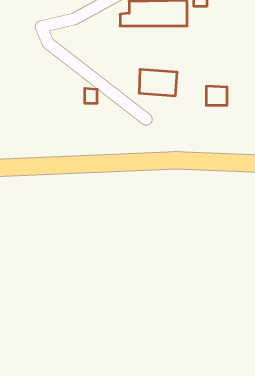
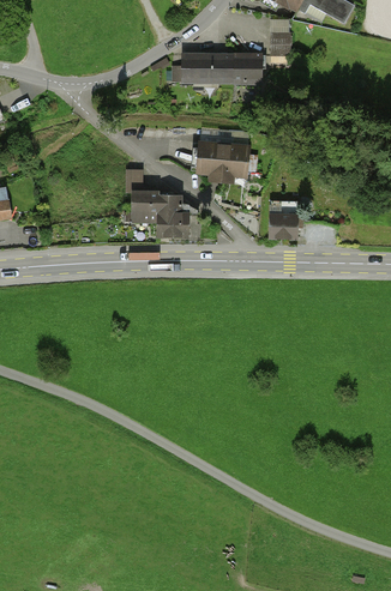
building: [206,86,227,105] -> [269,212,296,237]
building: none -> [131,191,187,239]

